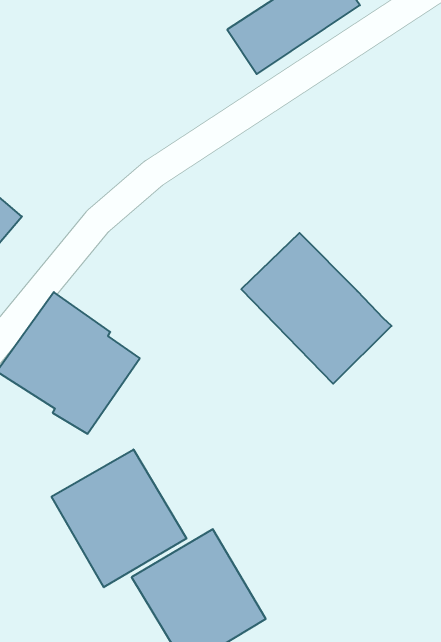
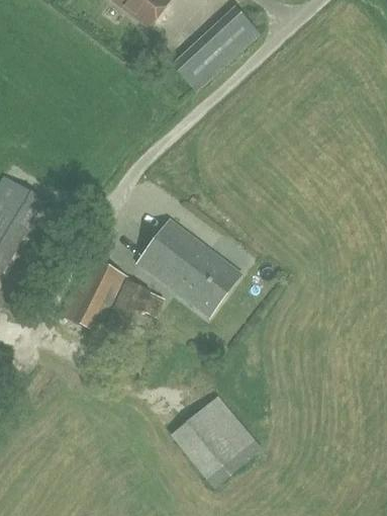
building: [241,233,392,384] -> [136,219,239,315]
building: [52,449,186,587] -> none

